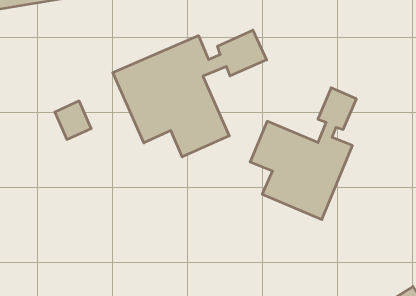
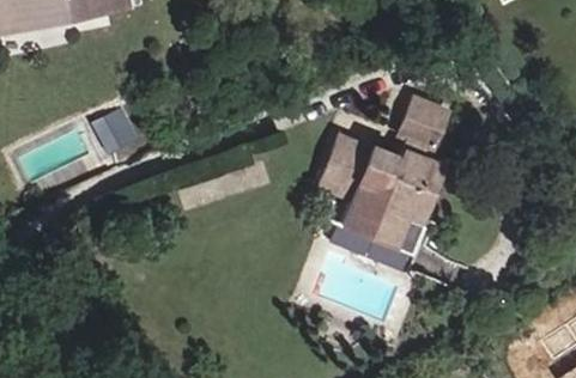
building: [113,30,267,157] -> none

